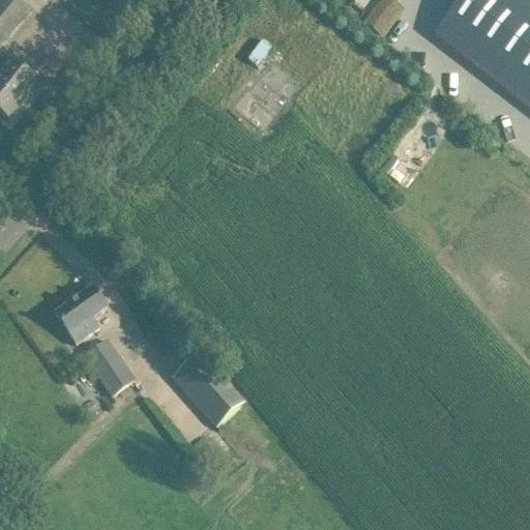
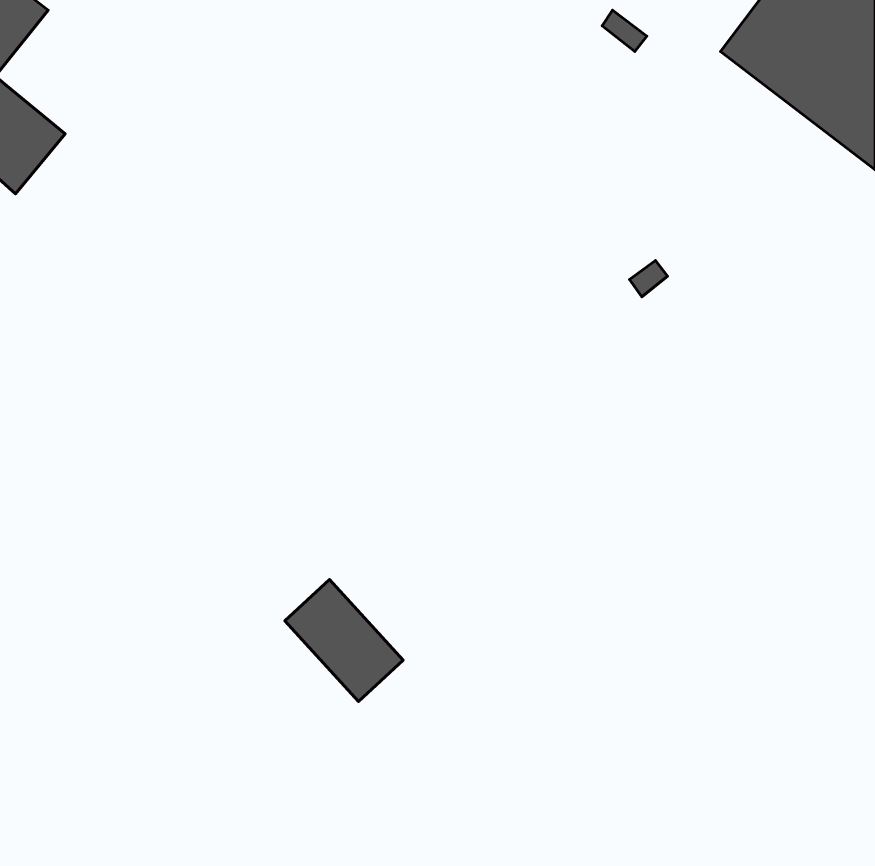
building: [54,284,107,341] -> none
building: [83,337,135,393] -> none

